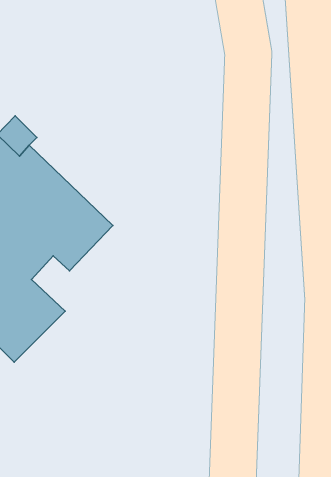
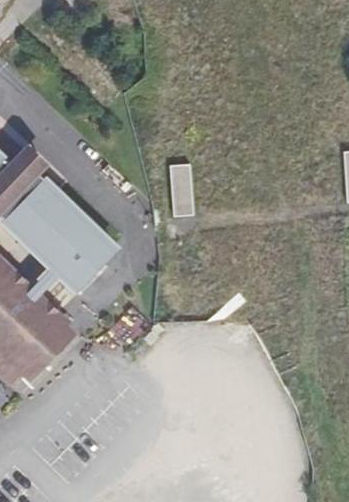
building: none -> [169,163,193,215]

